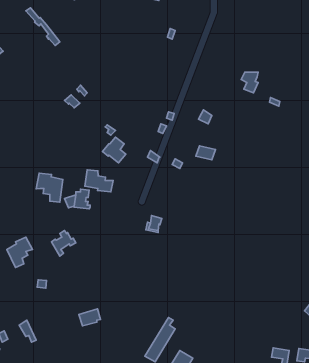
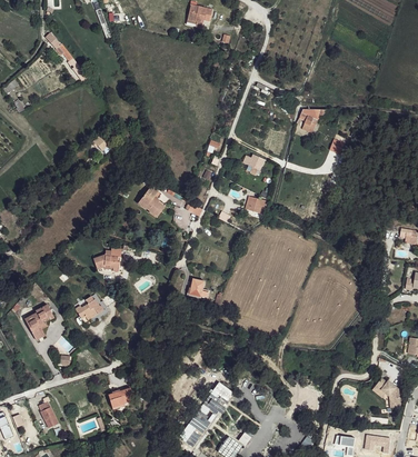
building: [85,170,113,192] -> none
building: [36,173,63,202] -> none

